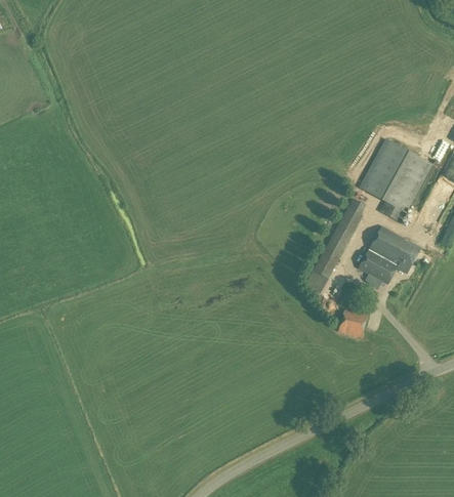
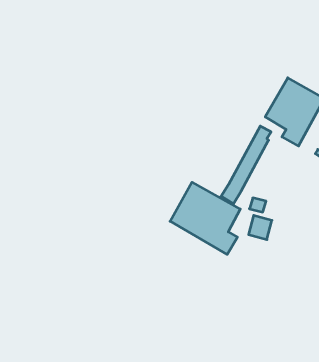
building: [358,225,420,283] -> none
building: none -> [170,182,240,254]

